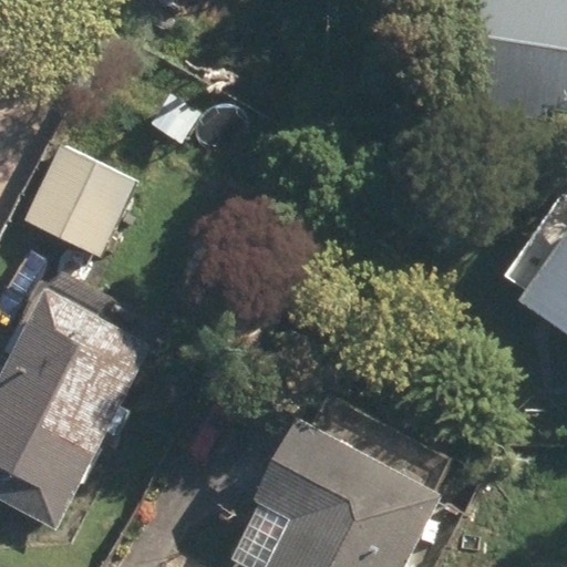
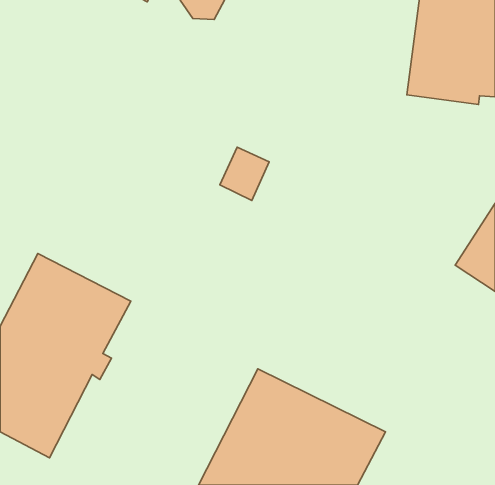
building: [22,114,138,256] -> none

